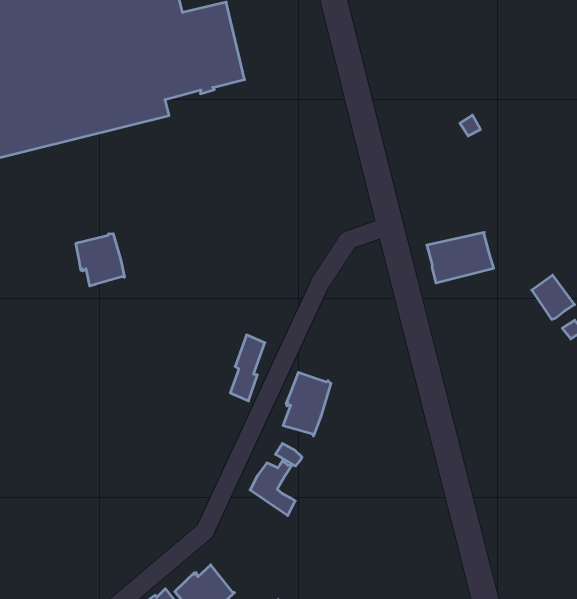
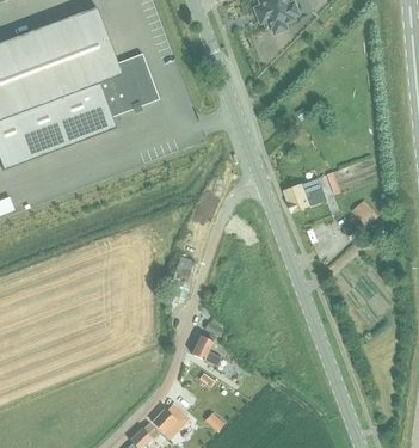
building: [76,234,124,286] -> none
building: [283,372,331,436] -> none

